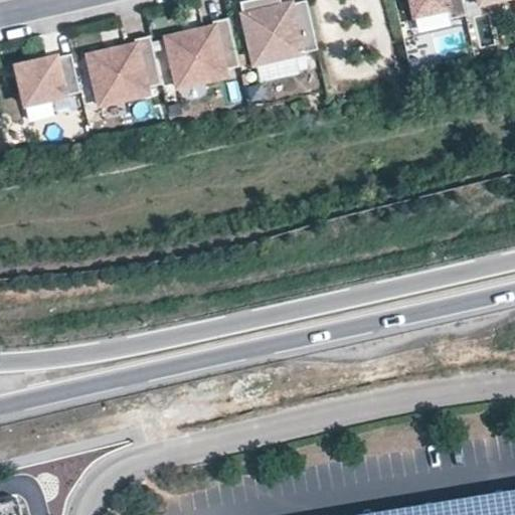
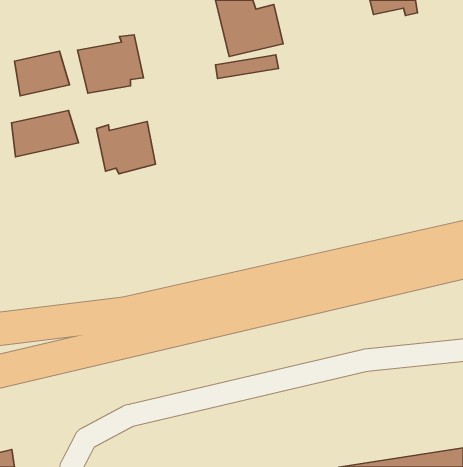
building: [165,18,236,87] -> none
building: none -> [11,110,79,157]
building: none -> [96,121,155,174]

